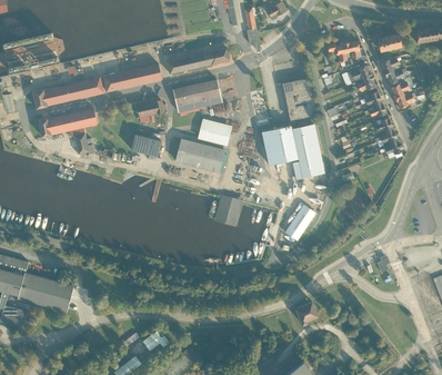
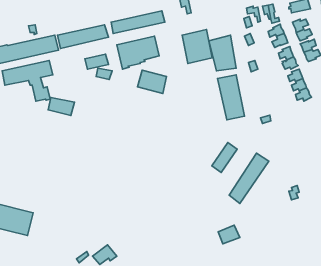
building: [261,126,297,166] -> [182,30,212,63]
building: [130,136,161,157] -> [48,98,74,115]
building: [174,138,224,175] -> none
building: none -> [229,153,269,204]

